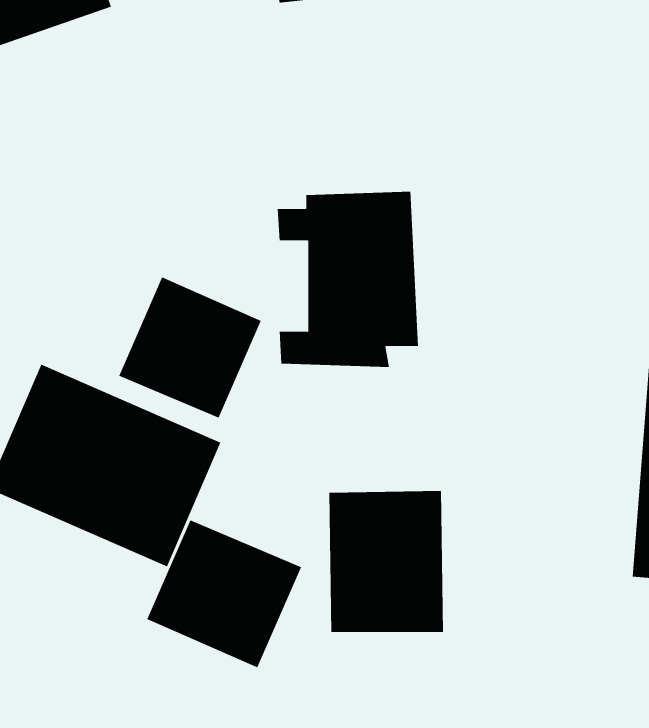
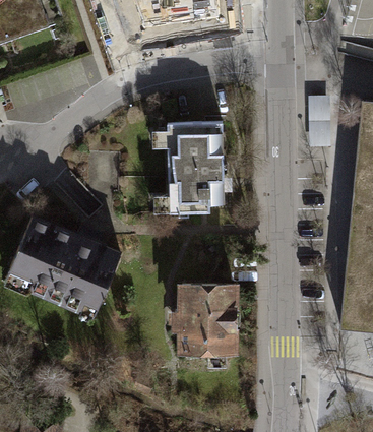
building: [118,277,262,419] -> none
building: [147,519,302,668] -> none

